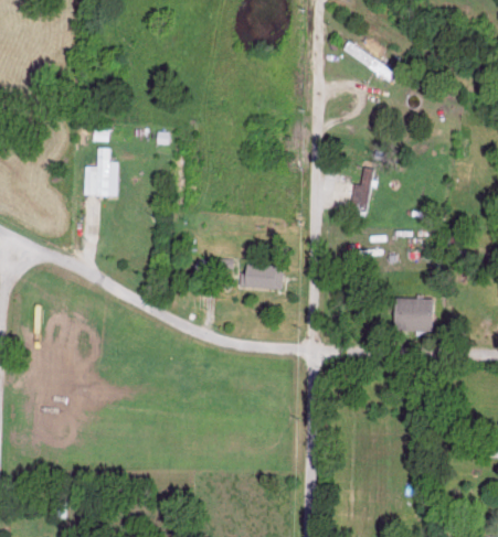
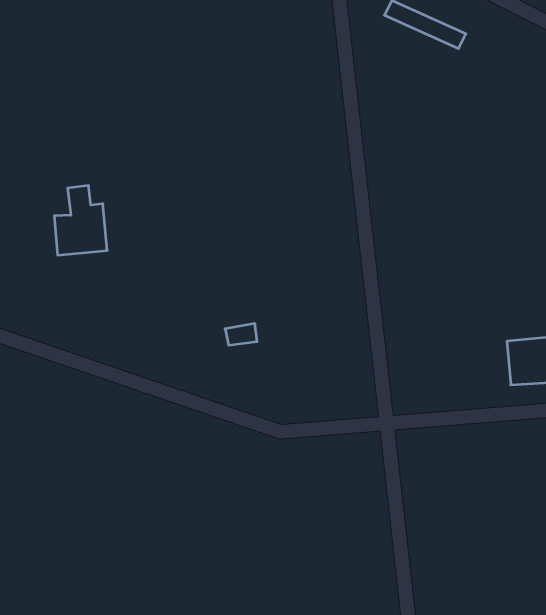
building: [352,168,373,206] -> none
building: [241,265,284,288] -> none

